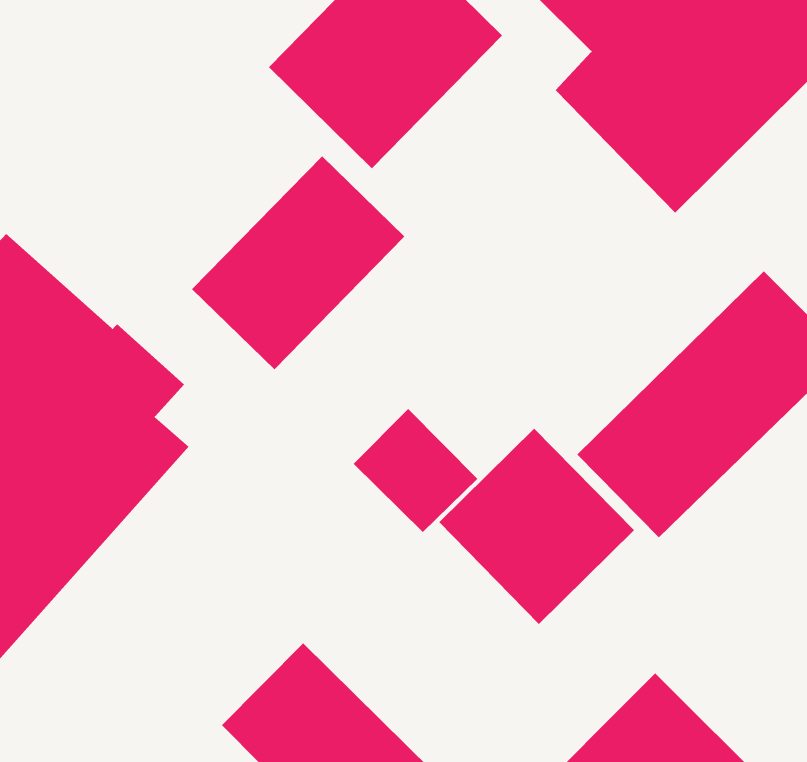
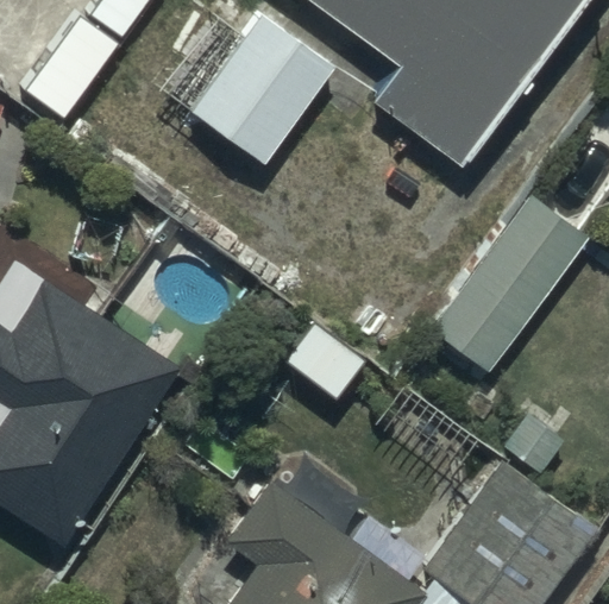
building: [191,156,405,370] -> none
building: [438,428,635,625] -> none

